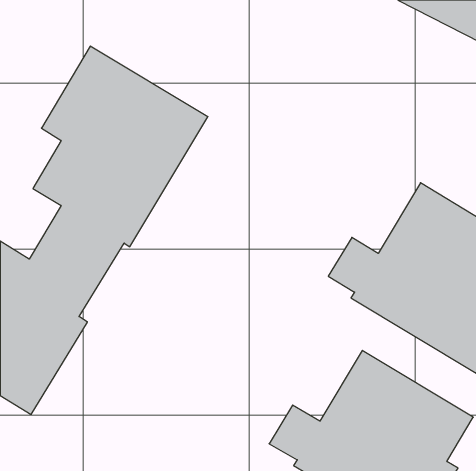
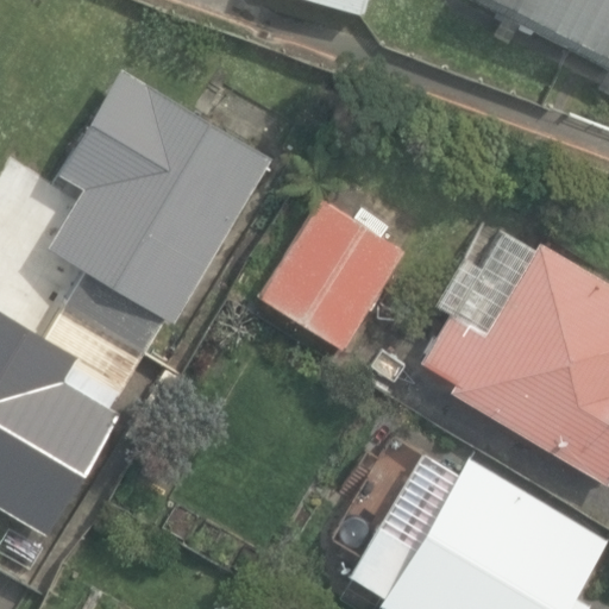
building: none -> [255,200,401,350]

